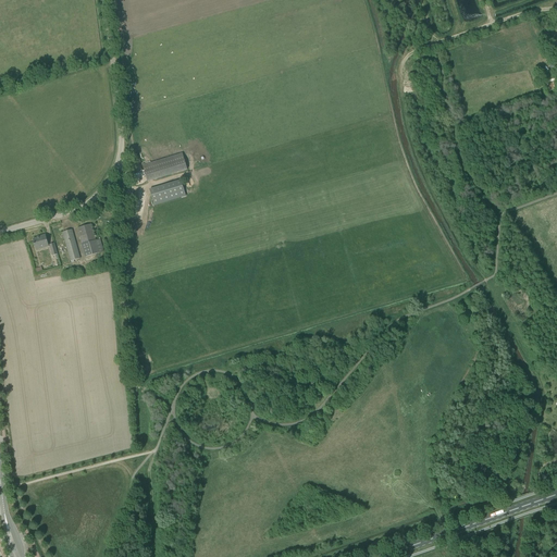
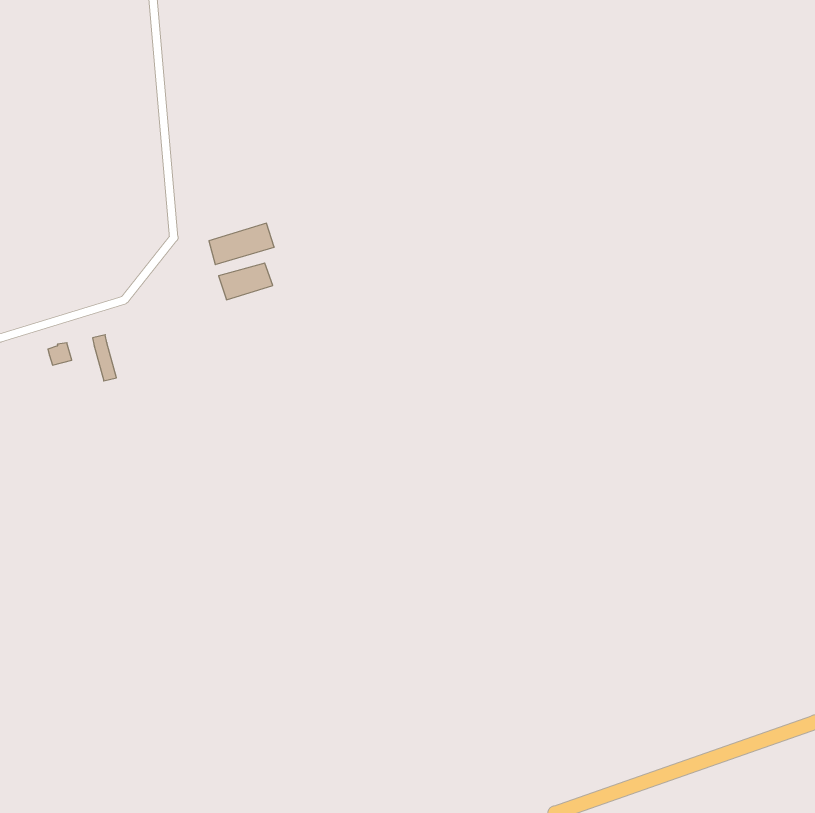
building: [77,223,103,256] -> none

